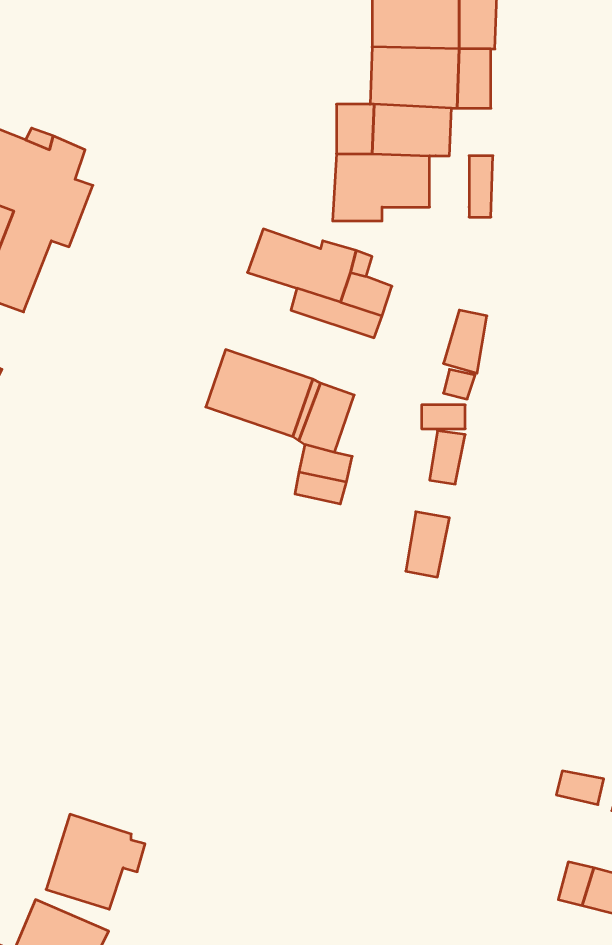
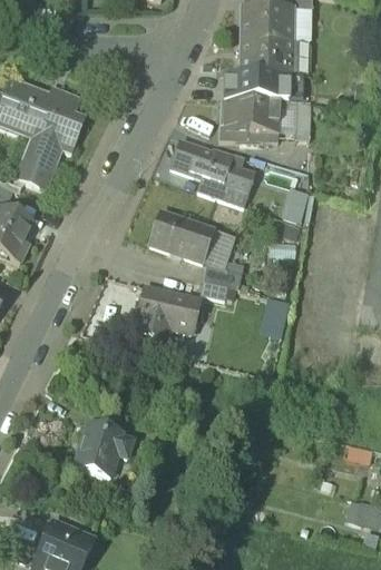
building: none -> [274,101,296,130]
building: none -> [134,286,199,335]
building: [46,814,145,909] -> [74,423,129,476]

